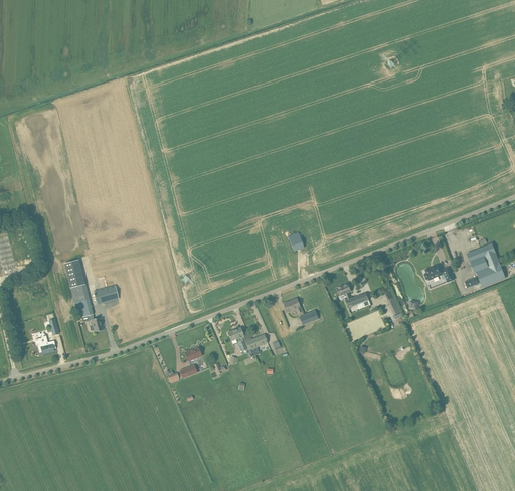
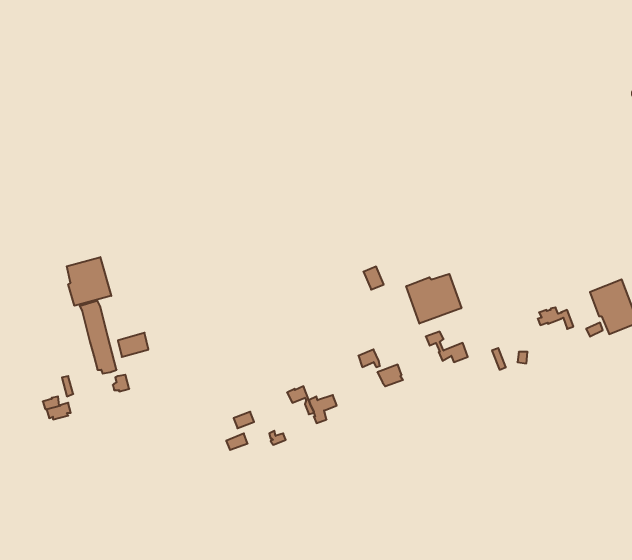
building: none -> [67,257,111,306]
building: none -> [406,274,461,324]

